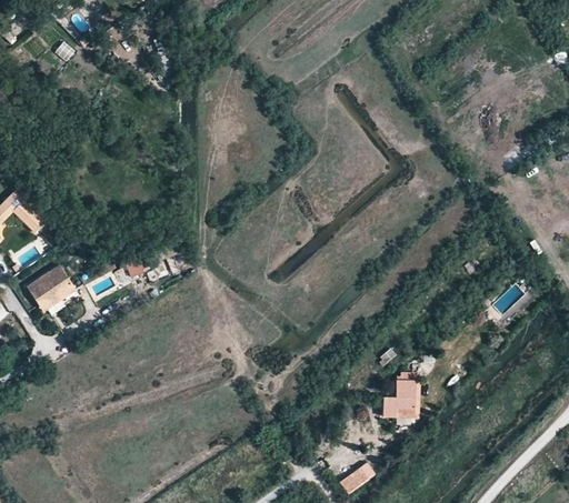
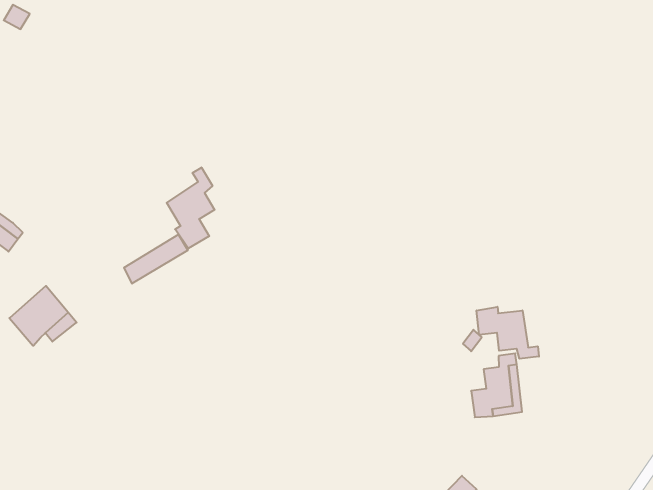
building: none -> [167,167,215,249]
building: none -> [477,307,539,359]

